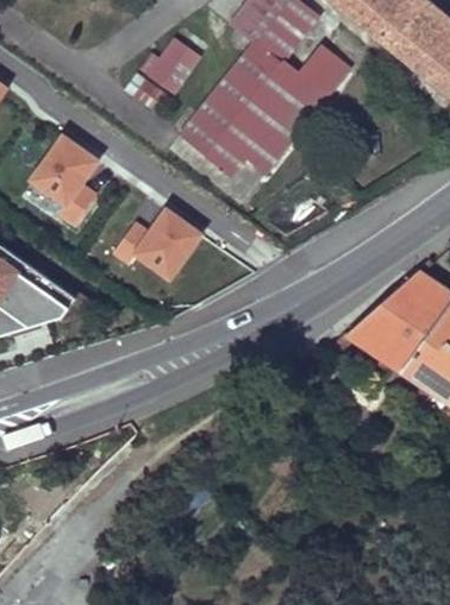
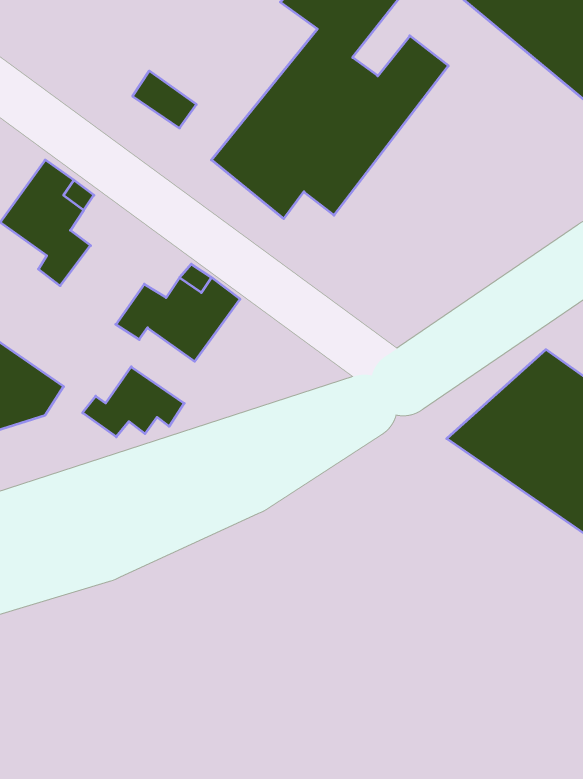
building: [146,38,200,93] -> none
building: none -> [83,367,184,437]

